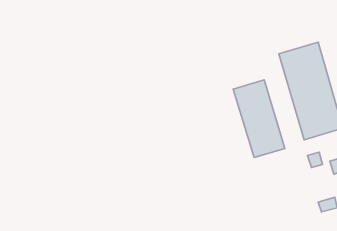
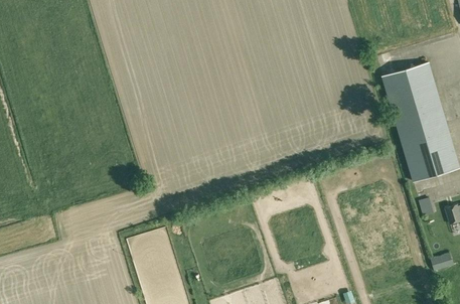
building: [233,80,285,158] -> none

